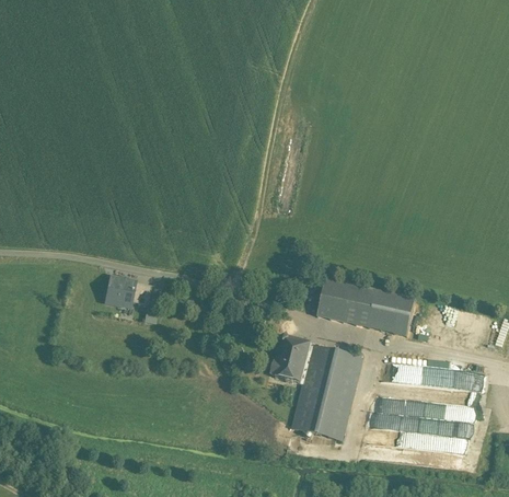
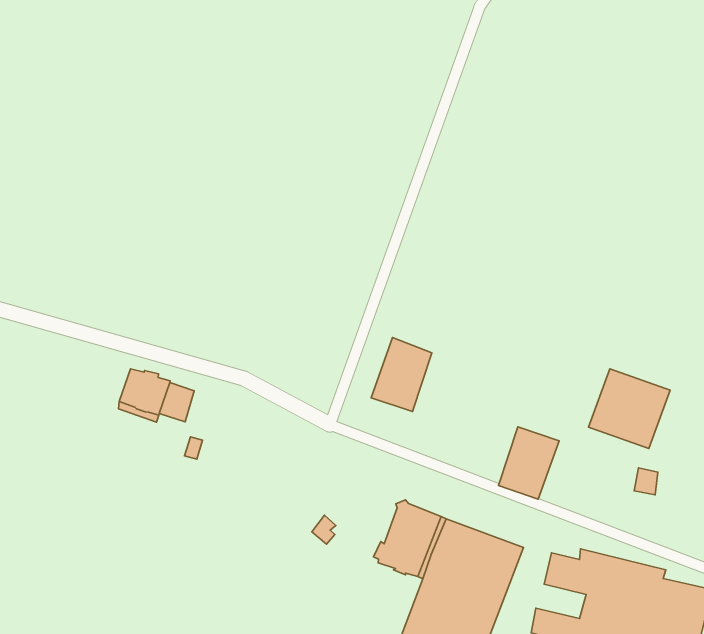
building: [316,277,350,321] -> [371,338,432,412]
building: [368,289,415,335] -> [589,369,670,449]

